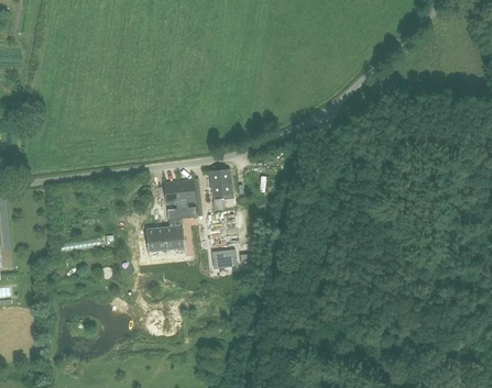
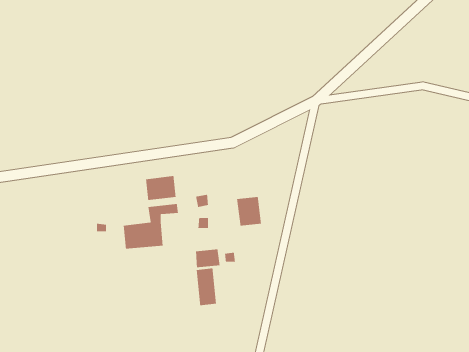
building: [209,169,233,198] -> [236,196,262,226]
building: none -> [196,268,217,306]

